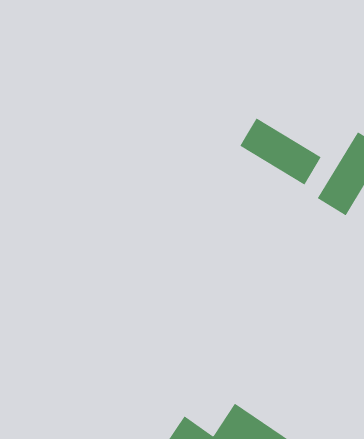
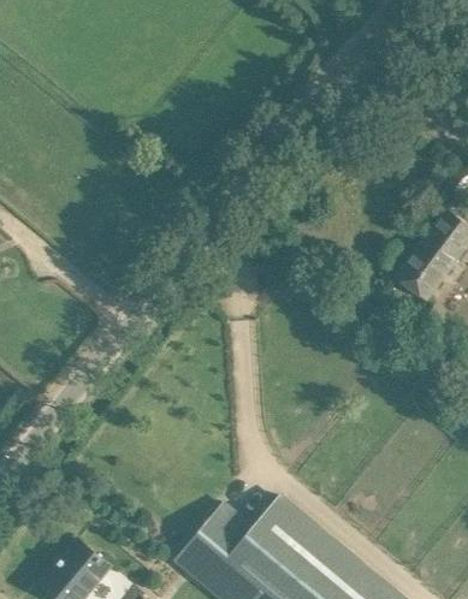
building: [240,118,321,185] -> none

